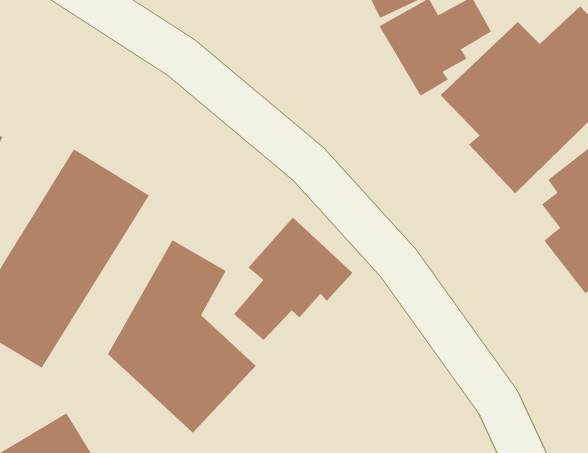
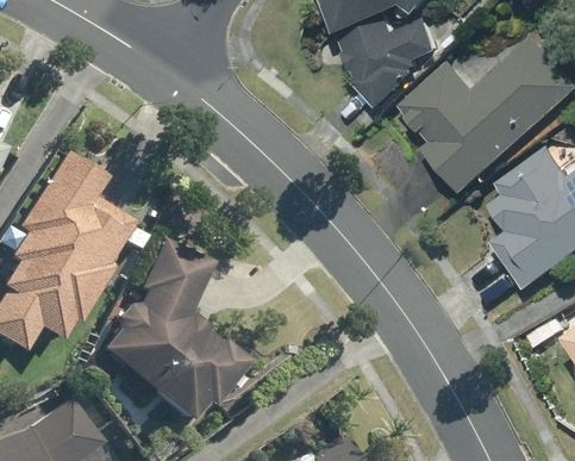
building: [233,217,353,341] -> none

